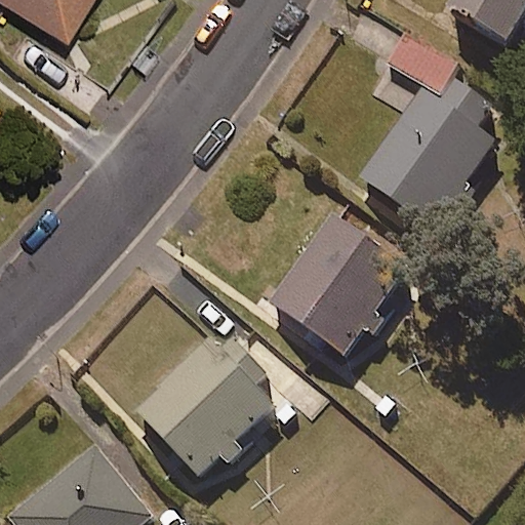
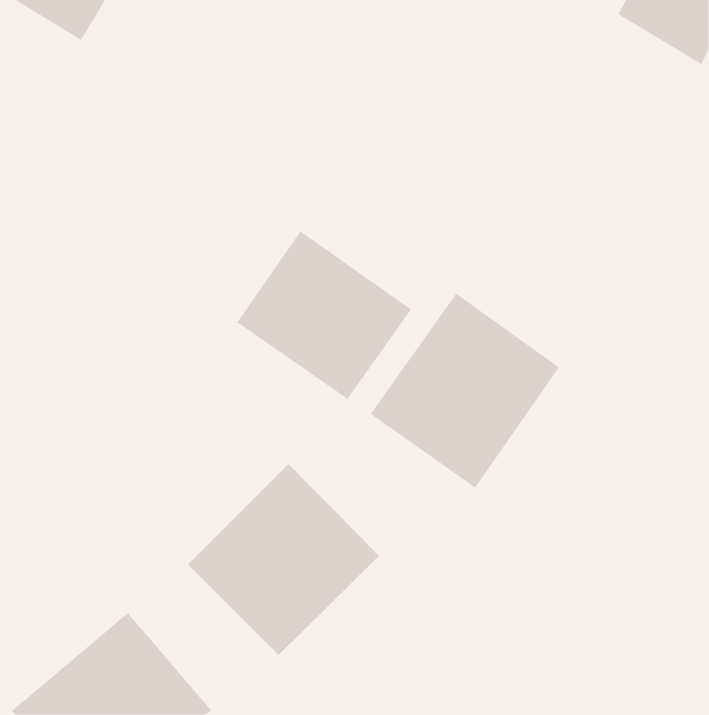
building: [361,35,497,230] -> none
building: none -> [237,230,412,400]

